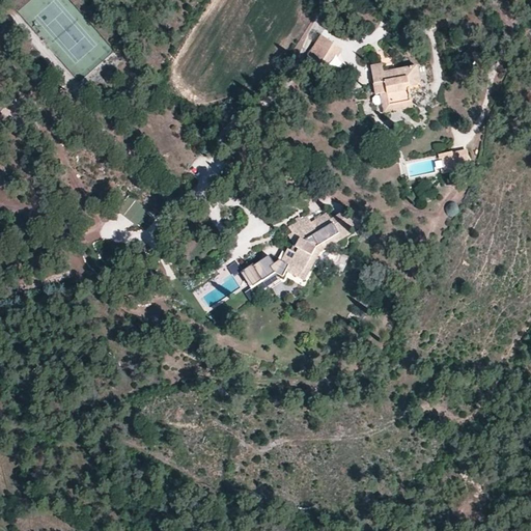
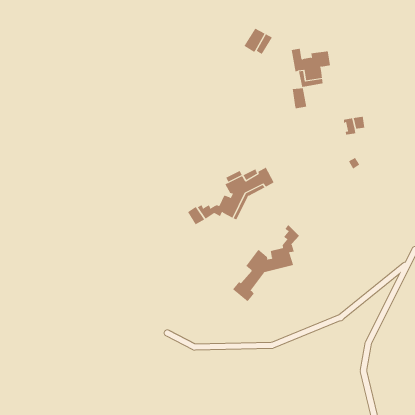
building: none -> [292,87,307,109]
building: none -> [232,224,300,302]

